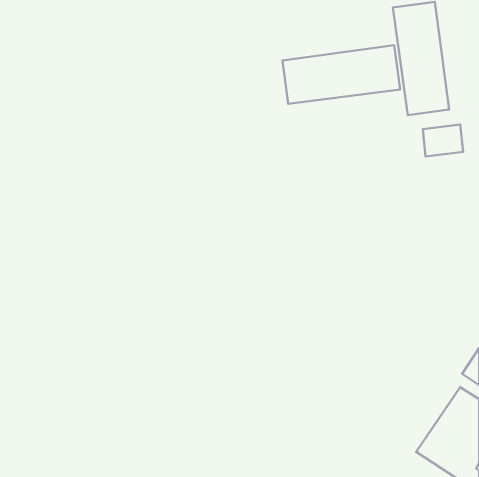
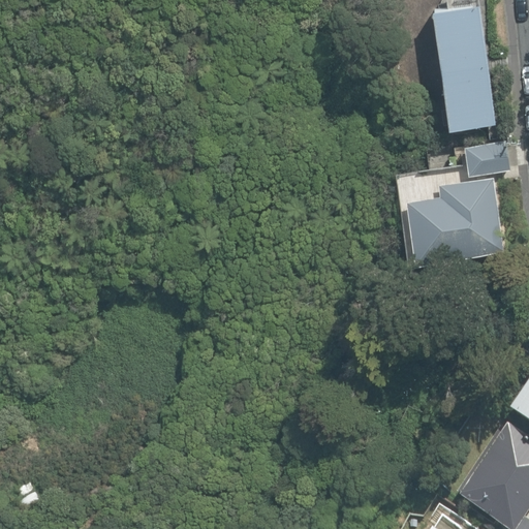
building: [283,45,400,104] -> none
building: none -> [405,177,505,263]

